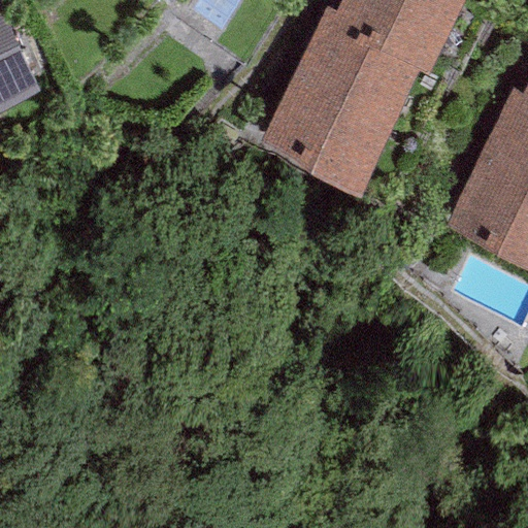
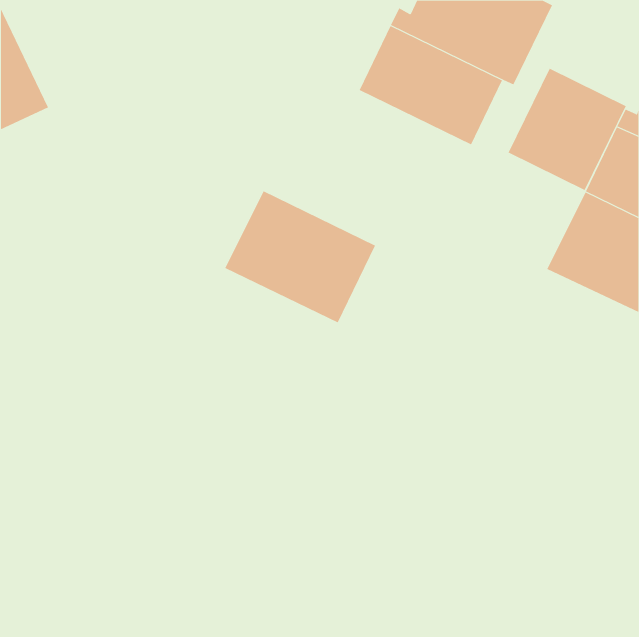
building: none -> [508,68,627,191]
building: [264,76,389,186] -> [224,191,376,323]

